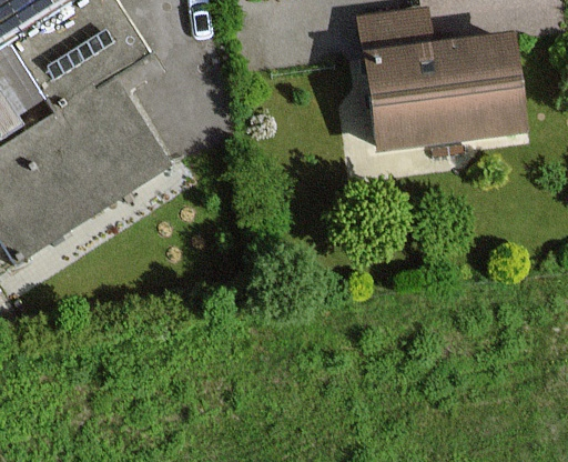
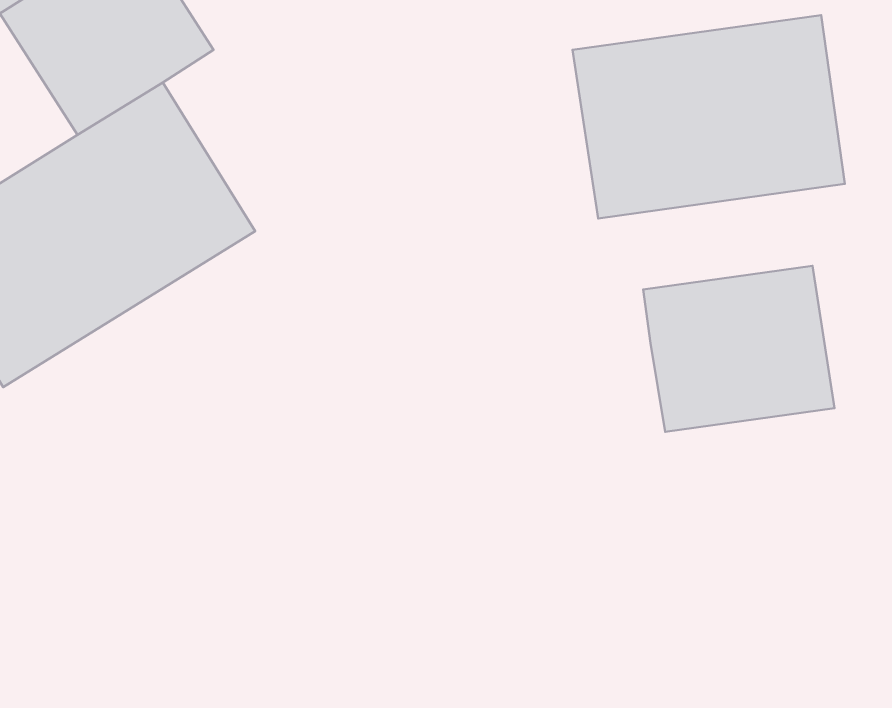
building: none -> [643,266,834,432]

